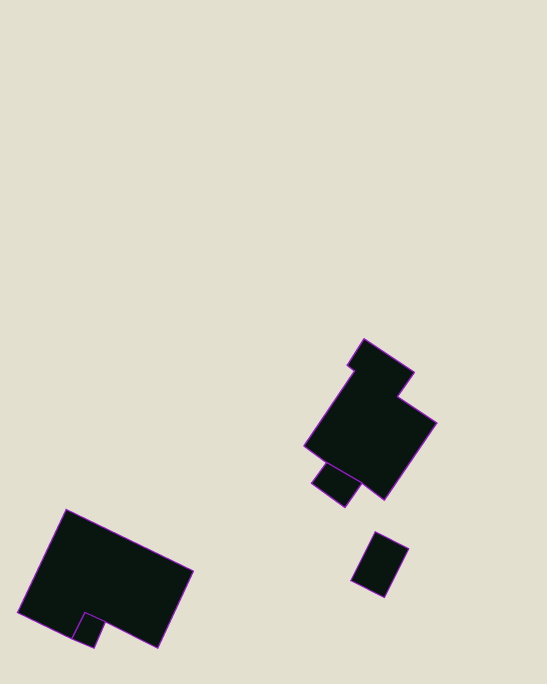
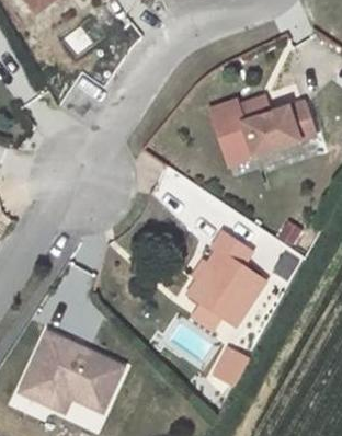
building: none -> [207,94,318,167]

